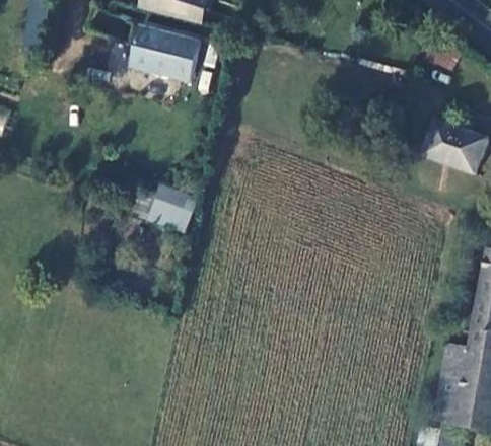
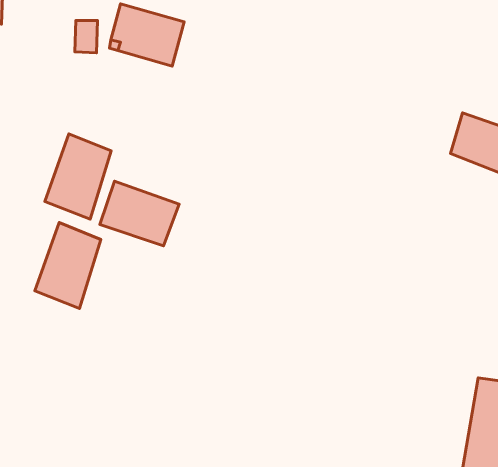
building: none -> [45,134,111,219]
building: none -> [35,222,101,308]

